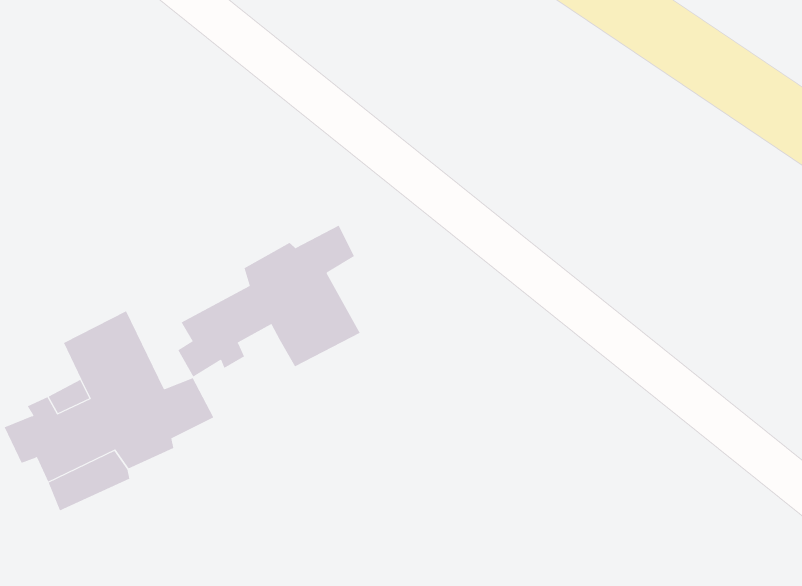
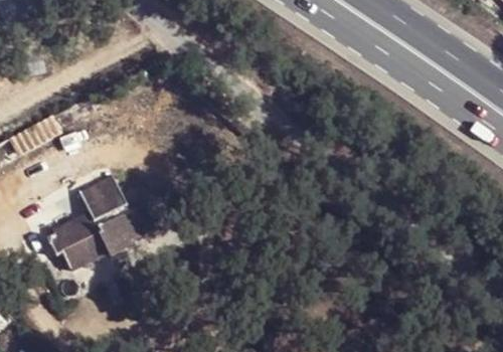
building: [178,225,360,377] -> none

